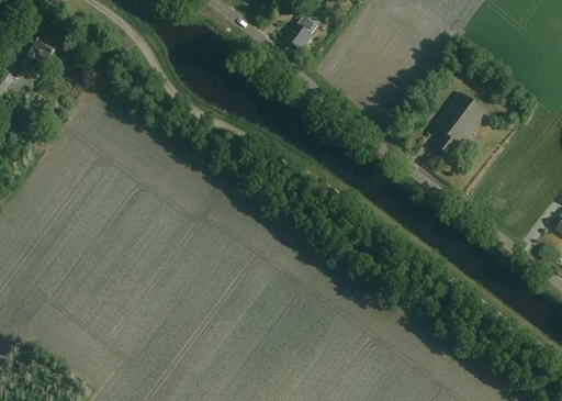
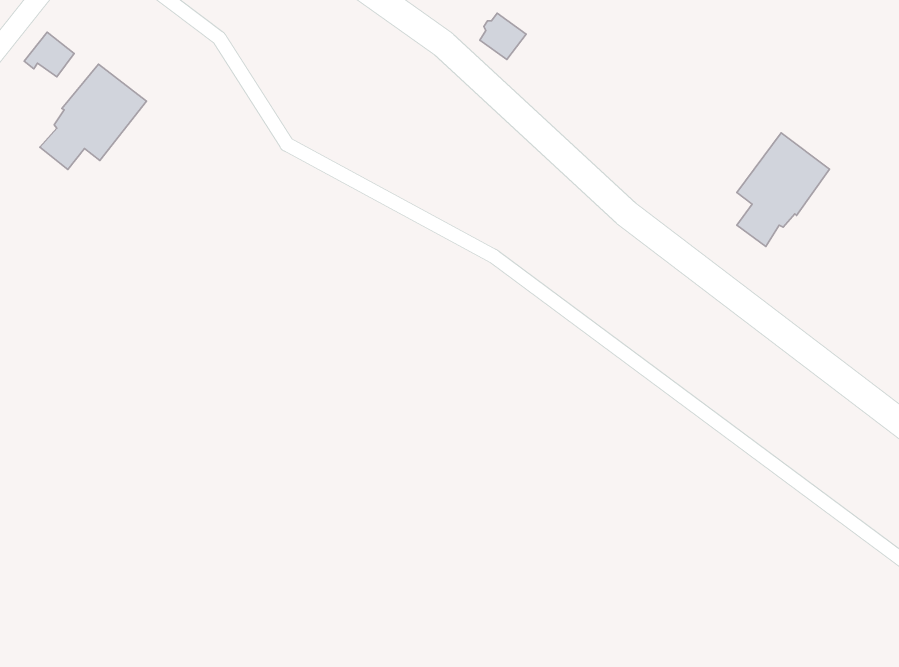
building: none -> [40,64,147,169]

